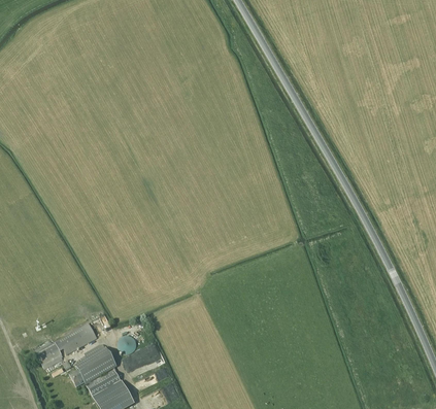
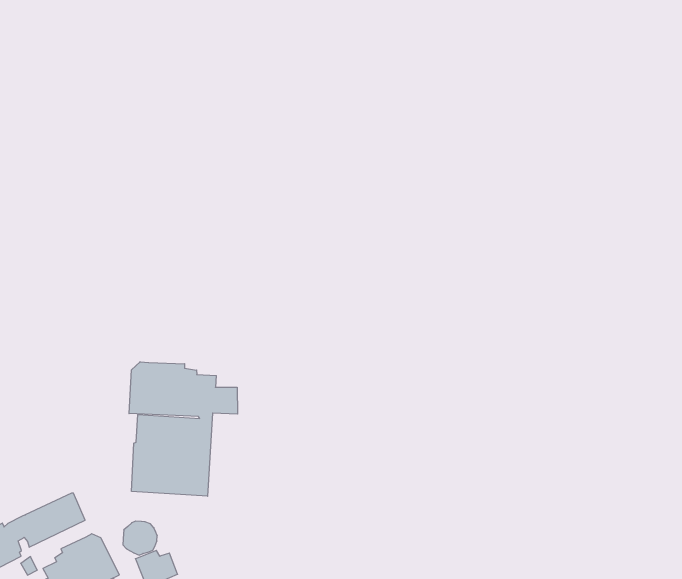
building: none -> [129,362,238,496]

